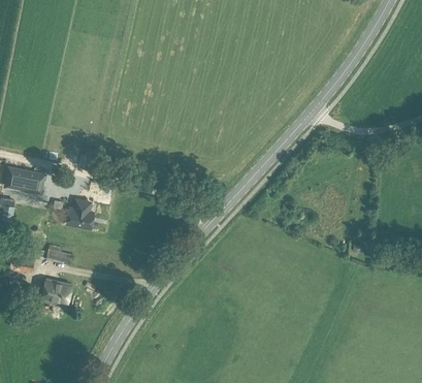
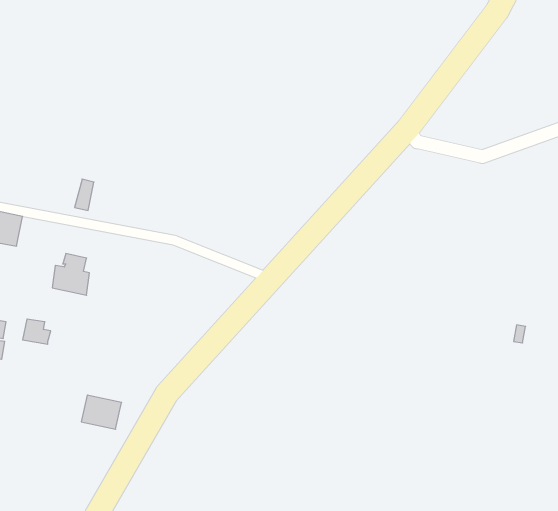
building: [41,279,69,302] -> [81,395,122,429]

